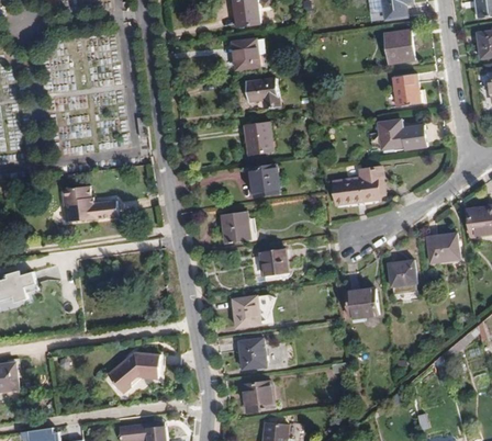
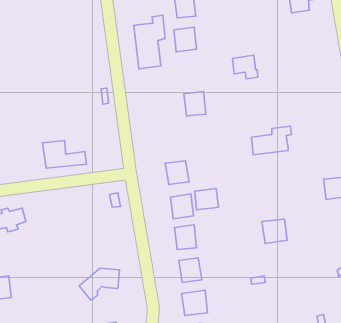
building: none -> [134,15,165,69]
building: [383,30,414,64] -> none
building: [392,74,420,105] -> none
building: [246,78,279,109] -> [233,55,258,79]
building: [379,120,426,149] -> none
building: [249,165,279,195] -> none
building: none -> [171,194,194,219]
building: [387,260,415,285] -> none

